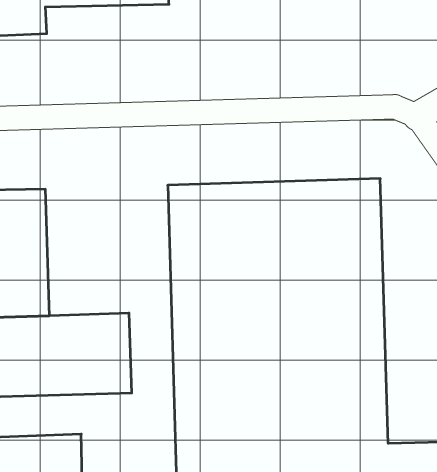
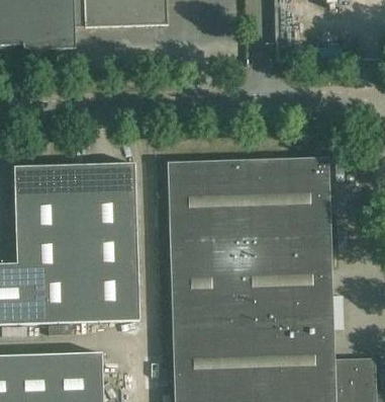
building: none -> [74,164,137,262]

